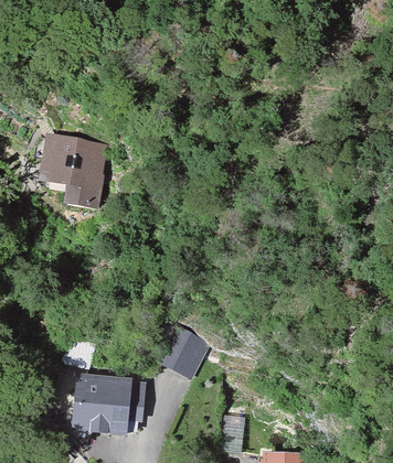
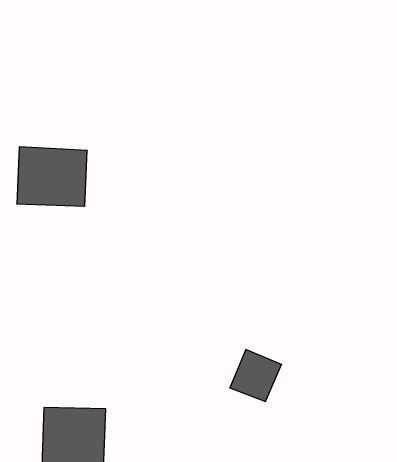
building: [166,333,212,379] -> [230,350,282,401]

